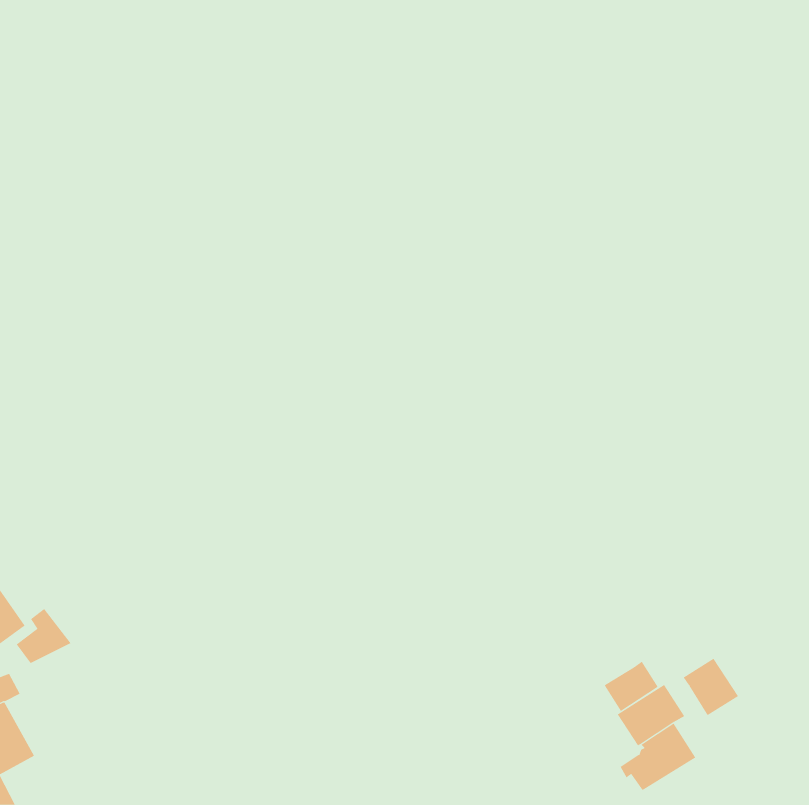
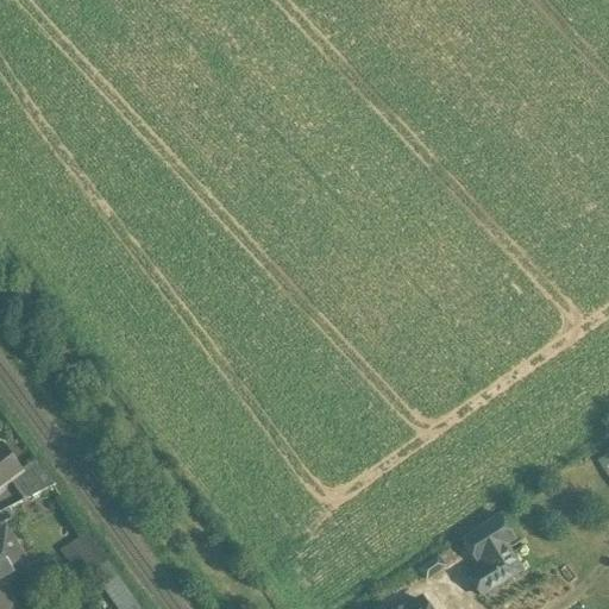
building: [683,658,739,716] -> none
building: [604,661,659,712] -> none

